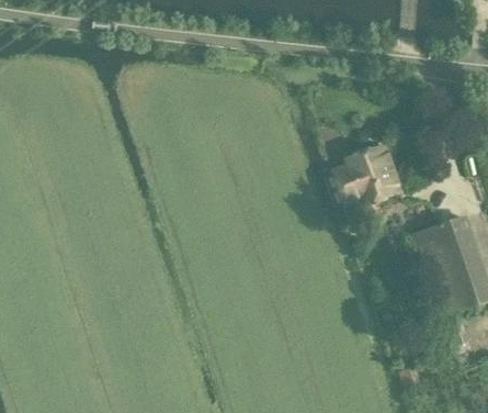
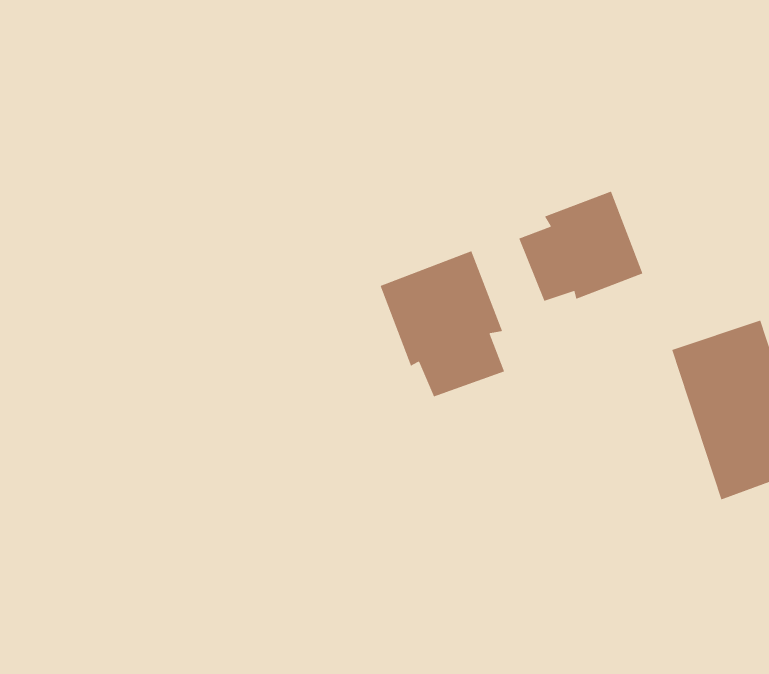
building: none -> [380,250,505,397]

